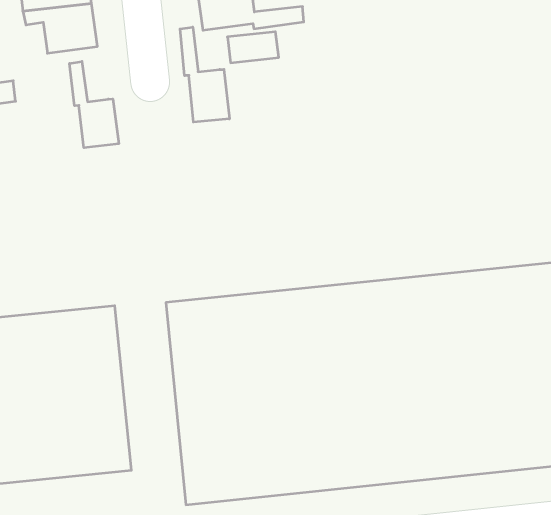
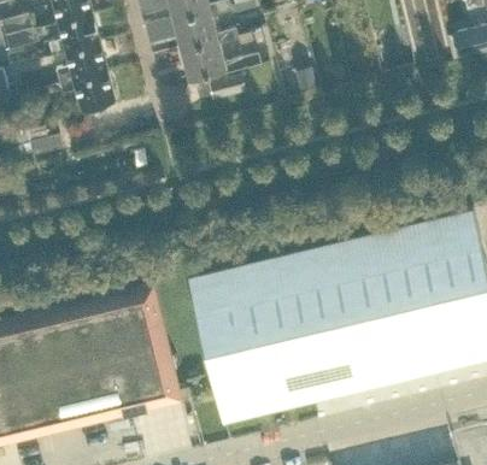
building: [180,27,229,122] -> none
building: [70,61,119,148] -> none

